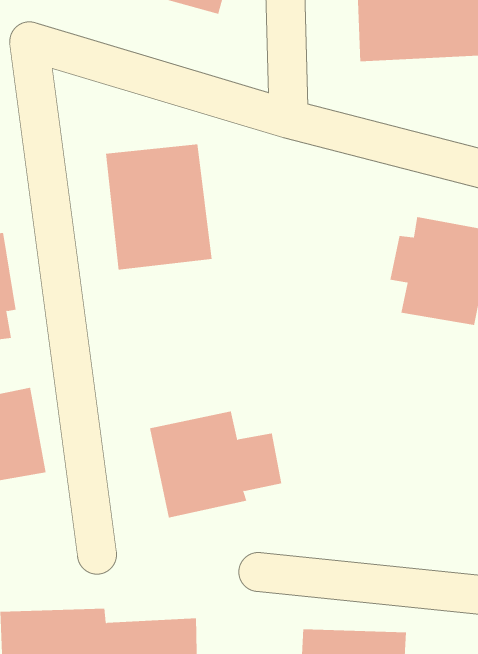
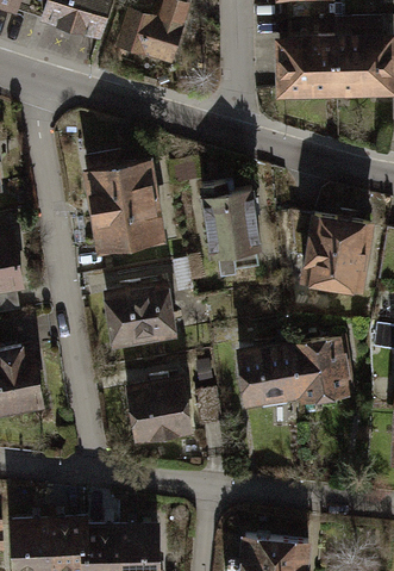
building: none -> [193,192,259,262]
building: none -> [95,273,181,348]
building: none -> [237,328,355,417]

